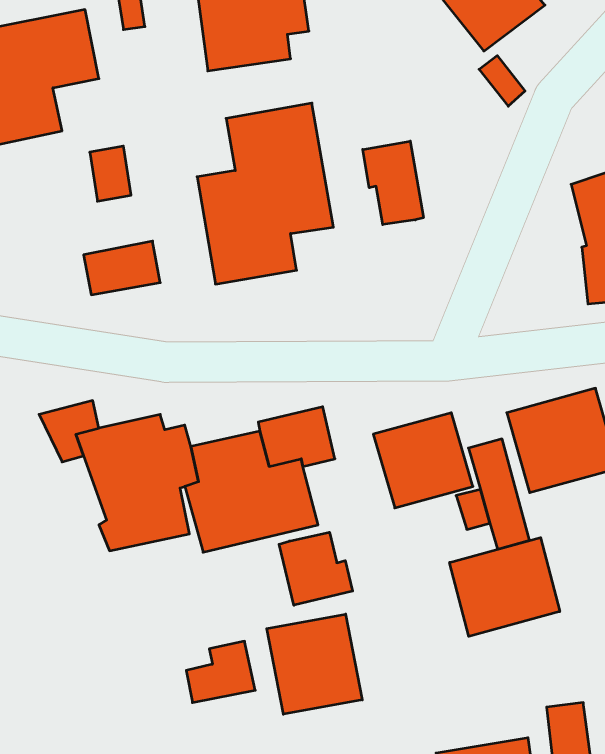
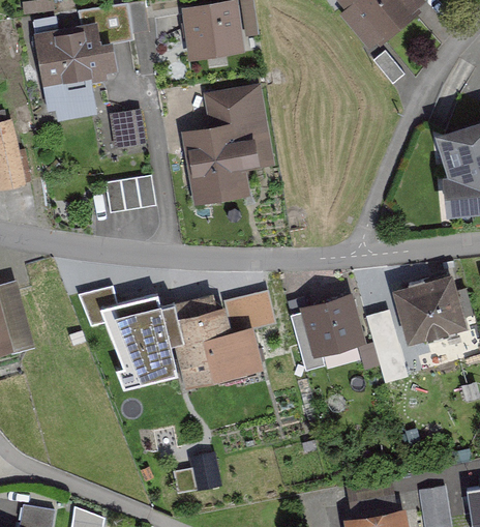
building: [363,141,423,225] -> none
building: [279,532,353,605] -> none
building: [450,538,560,636] -> none
building: [267,614,362,714] -> none

